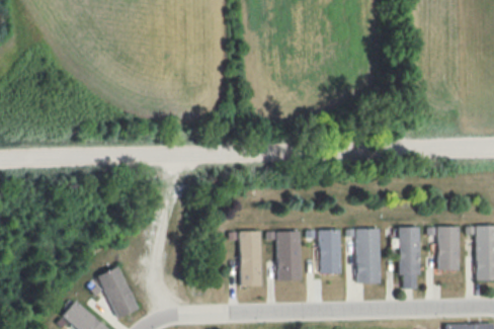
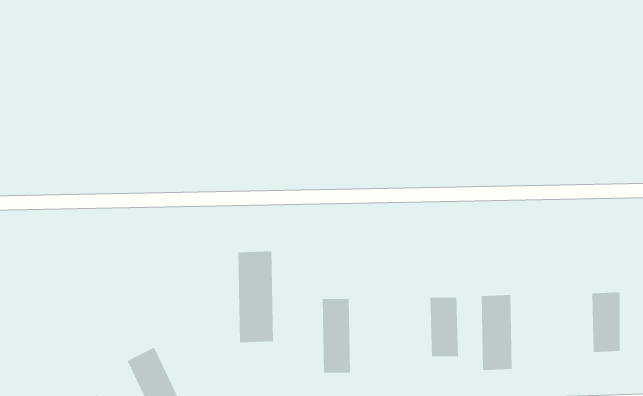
building: none -> [238,251,273,343]
building: [399,227,419,289] -> none
building: [276,231,301,280] -> none

